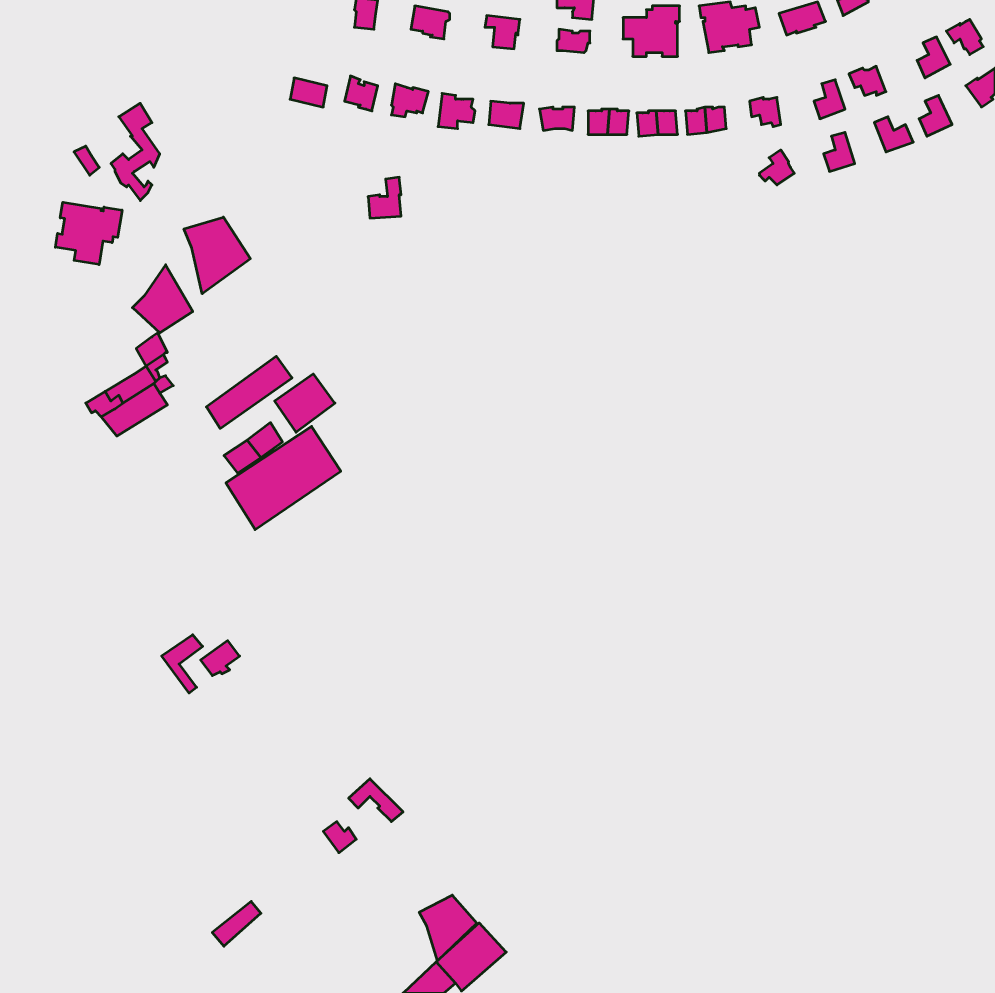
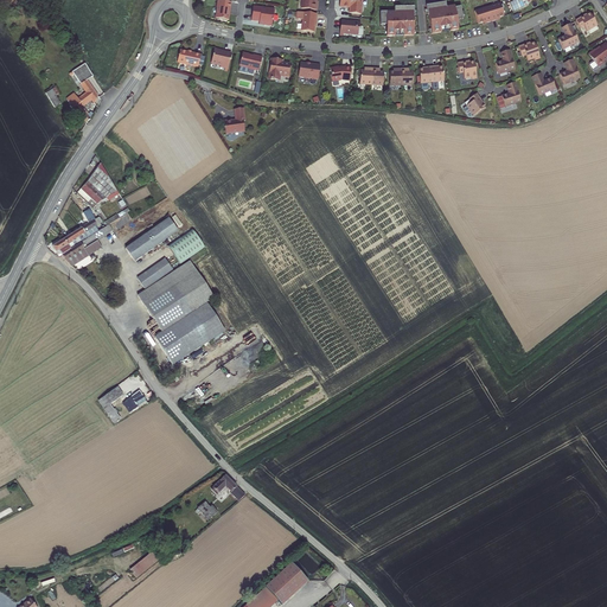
building: [55,202,122,265] -> none
building: [184,217,250,294] -> none
building: none -> [154,287,224,364]
building: [419,895,477,961] -> none

